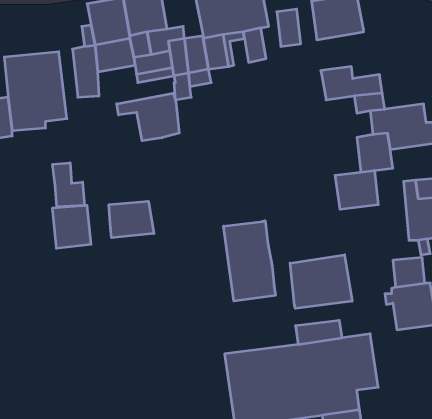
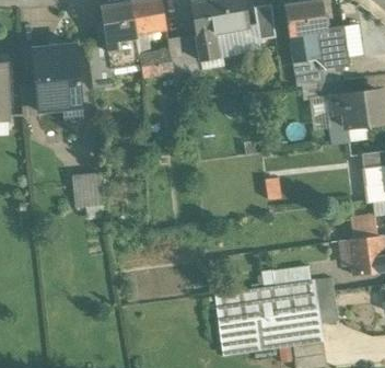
building: none -> [289,25,349,68]
building: [117,93,179,141] -> none
building: [53,163,85,207] -> none
building: [335,170,378,209] -> none
building: [109,201,154,238] -> none
building: [224,221,275,301] -> none
building: [290,255,352,308] -> none

